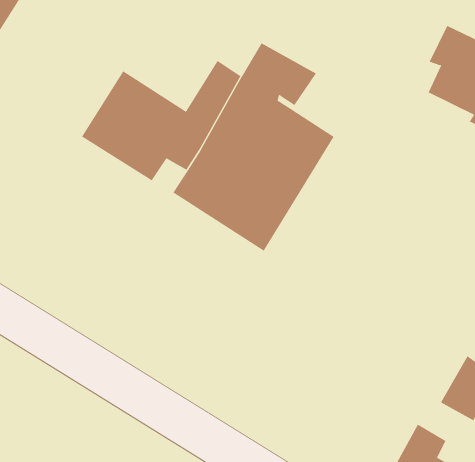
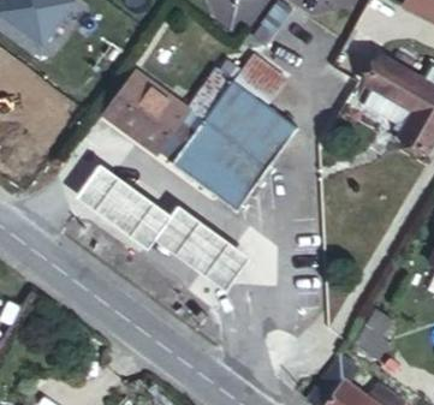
building: none -> [78,155,250,278]

